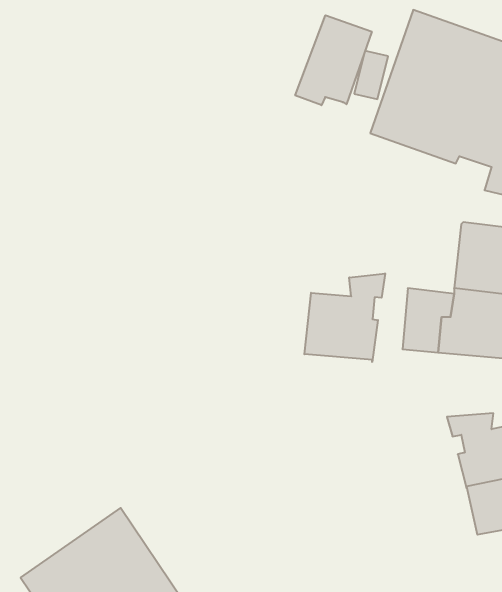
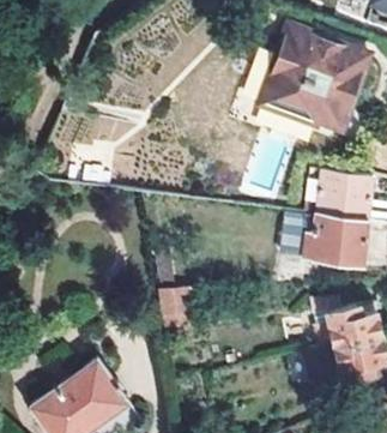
building: [295,15,372,105] -> none
building: [304,273,385,362] -> none
building: none -> [158,290,195,332]

